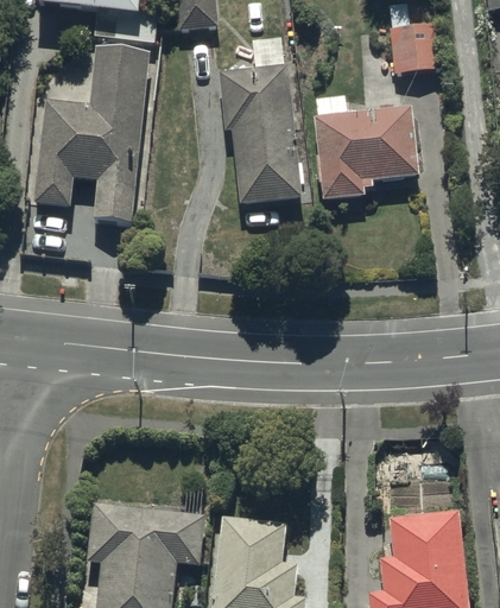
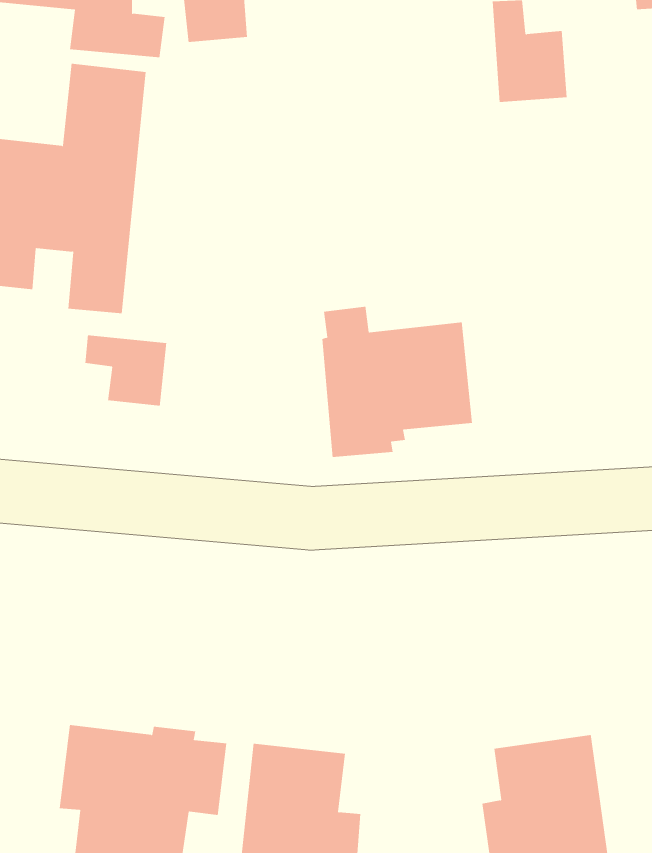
building: [220,38,300,204] -> none
building: [315,95,419,200] -> [321,306,473,457]
building: none -> [85,335,167,407]

